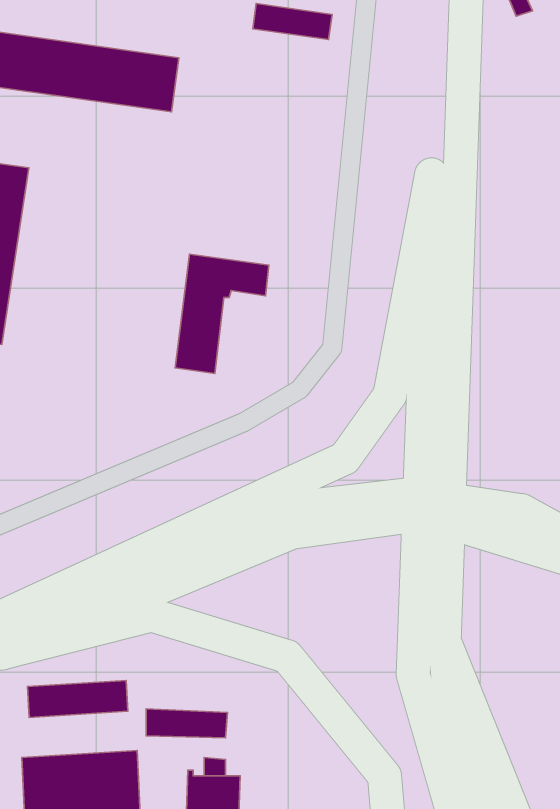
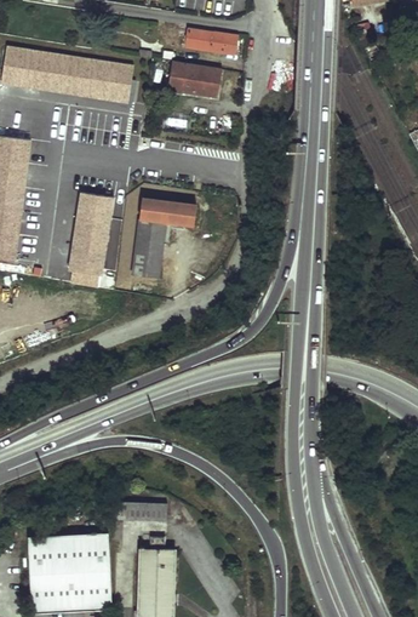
building: none -> [167,61,222,97]
building: none -> [69,192,113,275]
building: [27,680,128,717] -> none

